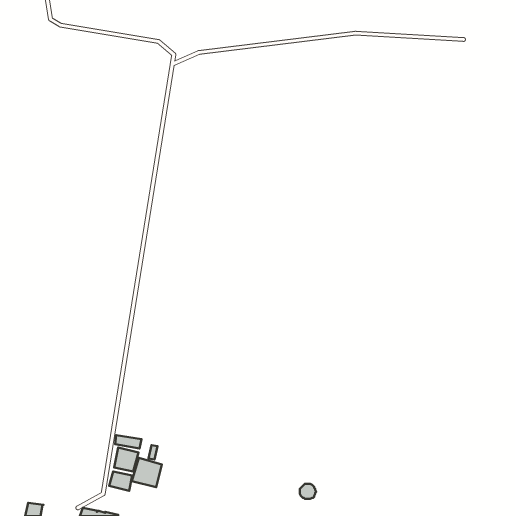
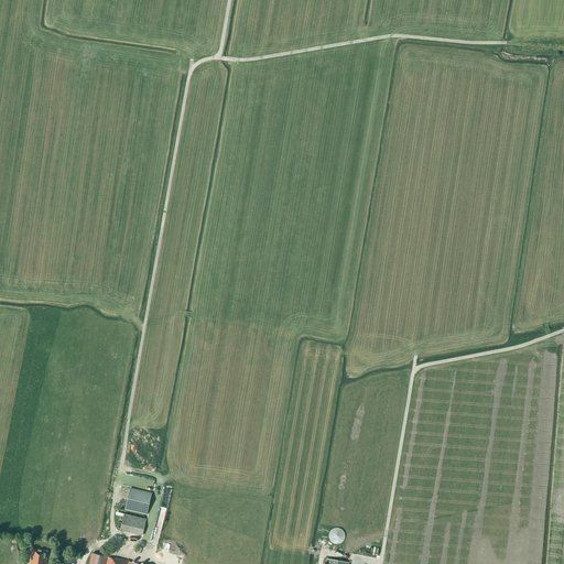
building: [132,458,162,487] -> none

